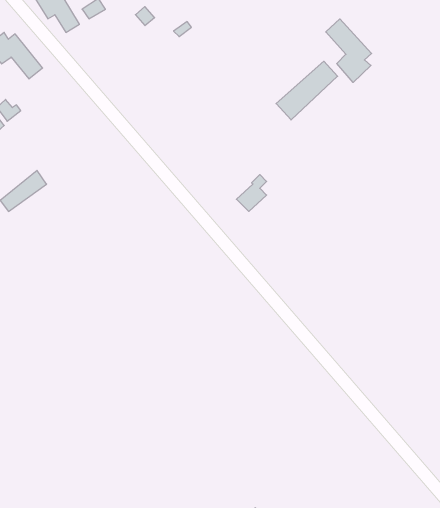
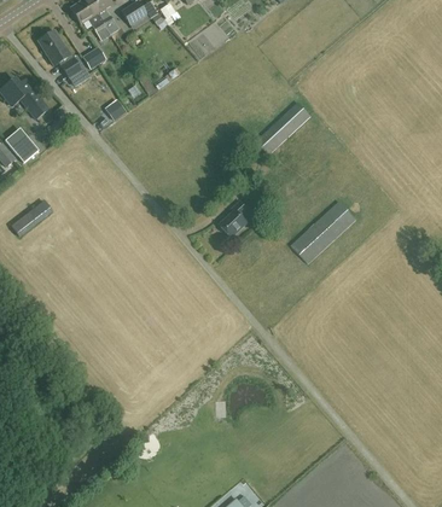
building: [326,19,372,82] -> none
building: none -> [291,200,356,263]

